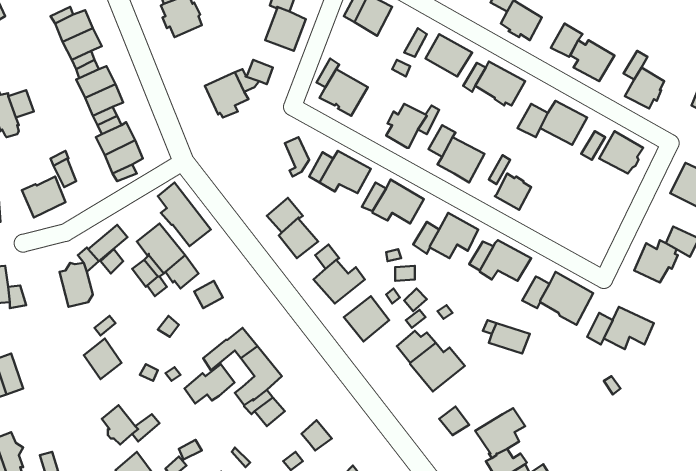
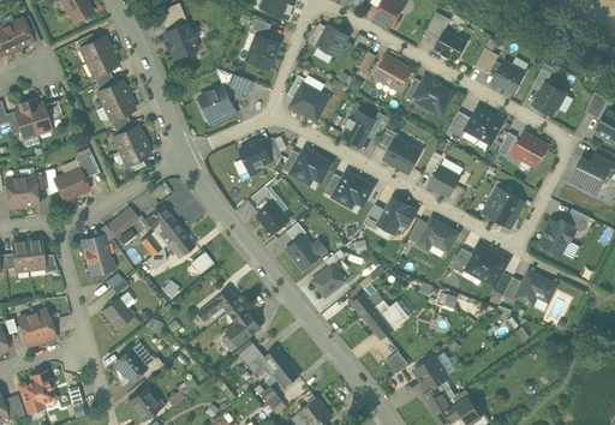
building: none -> [240,139,271,170]
building: none -> [482,186,526,229]
building: [184,364,234,404] -> [249,347,288,378]

